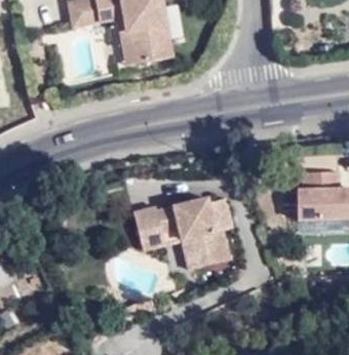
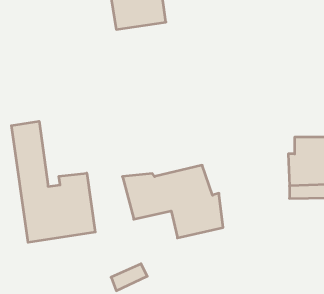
building: none -> [11,121,95,242]

